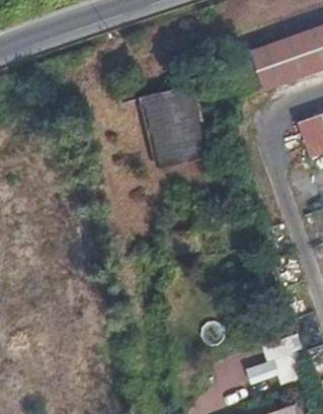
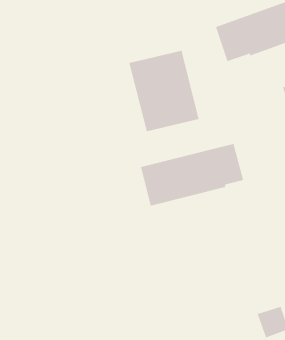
building: none -> [141,143,244,207]

